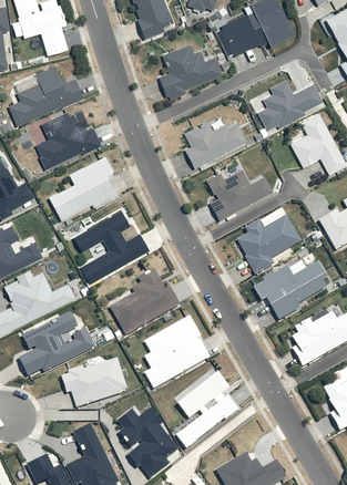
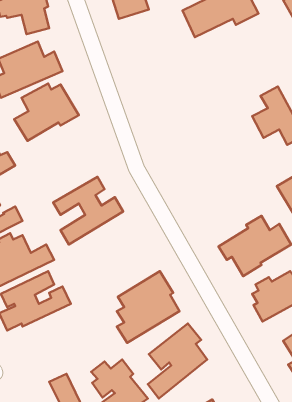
building: [160,42,225,96] -> none
building: [256,79,322,131] -> none
building: [186,113,249,166] -> none
building: [52,153,121,221] -> none
building: [208,162,275,218] -> none
building: [238,214,303,272] -> none
building: [110,267,181,333] -> none
building: [60,357,126,405] -> none

